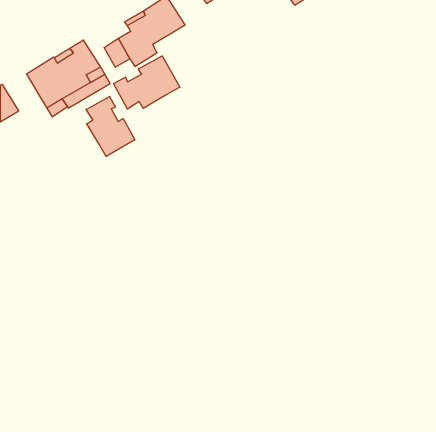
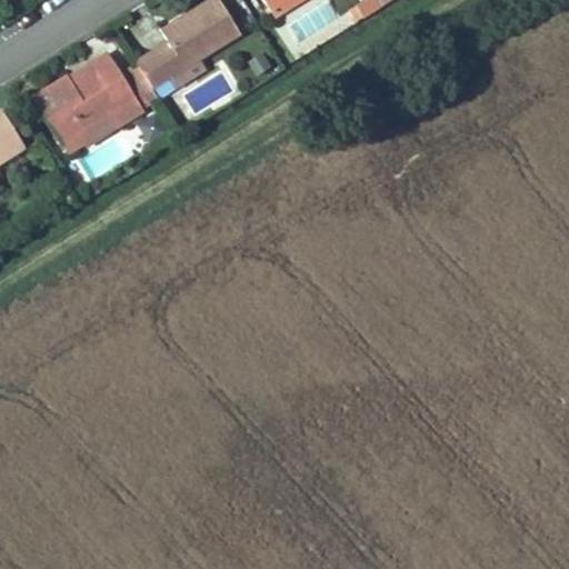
building: [114,56,180,109] -> none
building: [86,96,135,156] -> none

